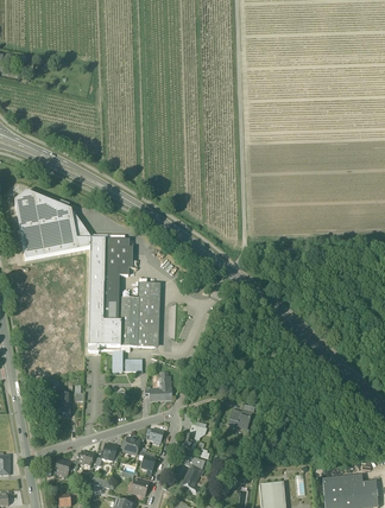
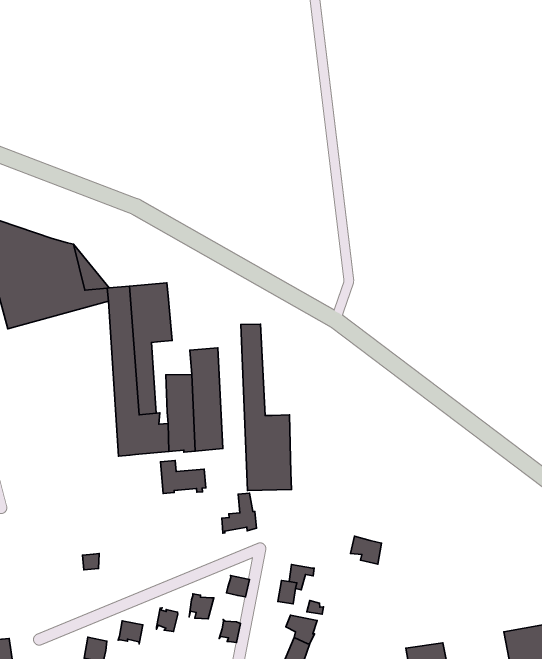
building: none -> [241,324,291,491]

